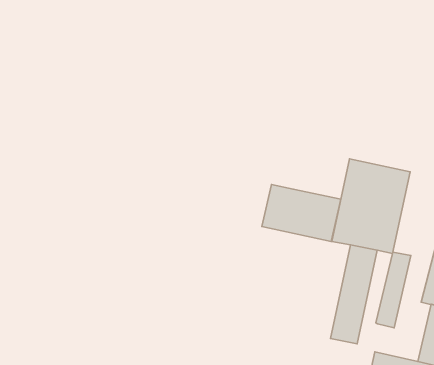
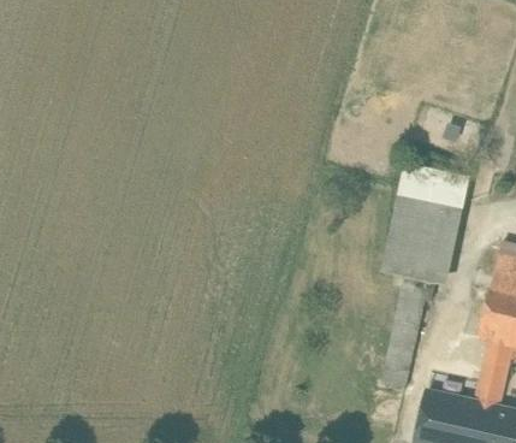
building: [262,184,341,241] -> none
building: [376,252,411,328] -> none

